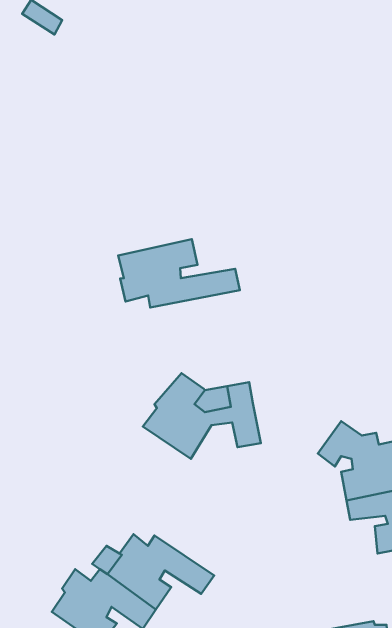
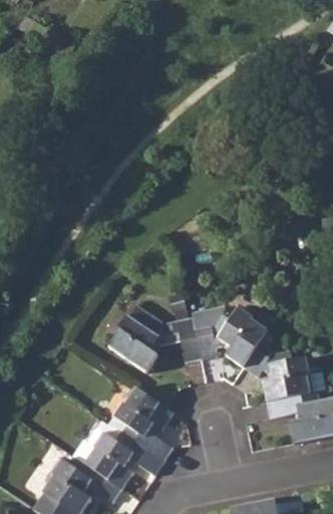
building: [118,239,240,307] -> none
building: none -> [193,306,271,367]
building: none -> [112,387,175,462]

